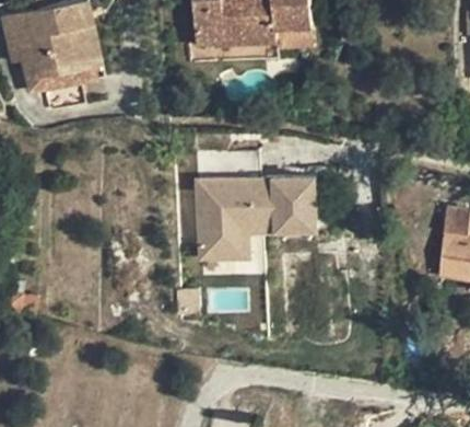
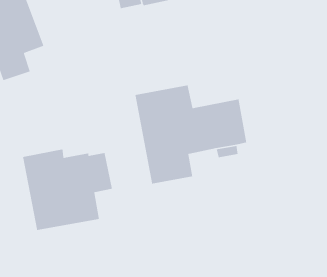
building: none -> [22,149,113,231]

